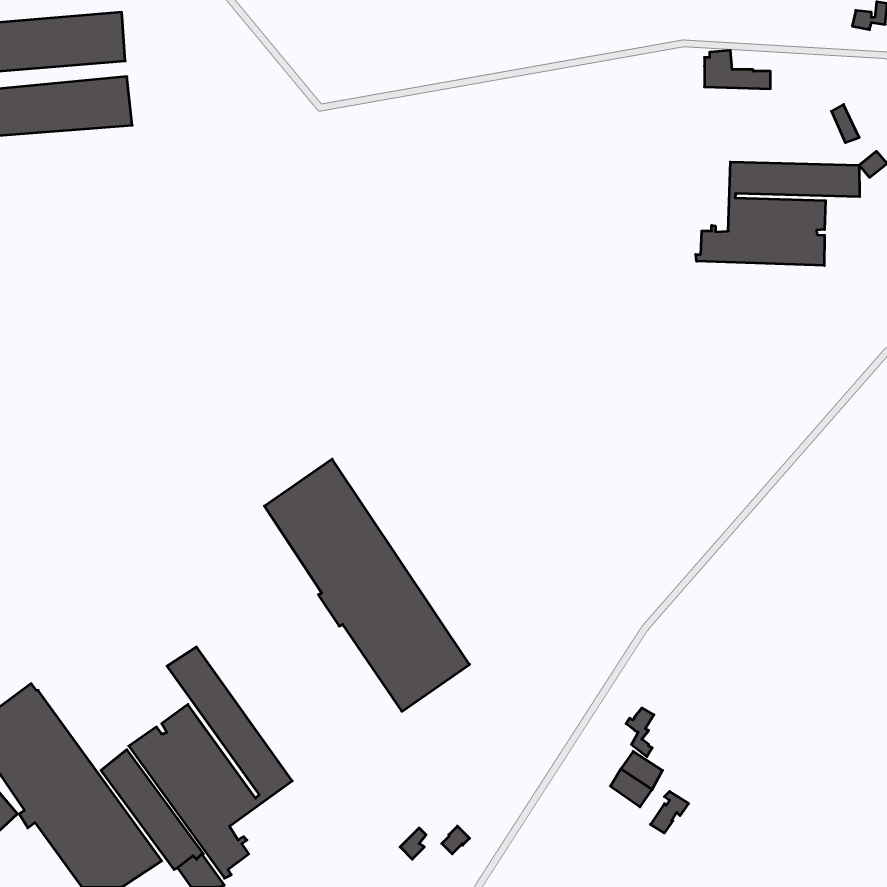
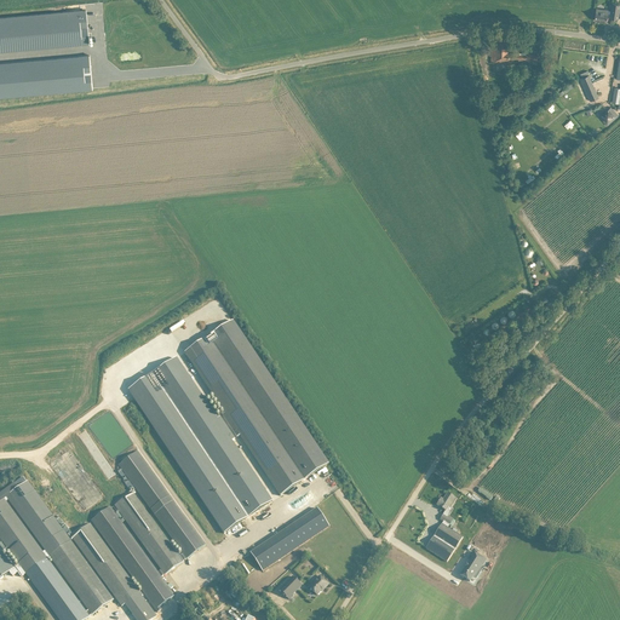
building: [696,162,860,266] -> none
building: none -> [127,357,271,533]
building: none -> [249,507,328,570]

